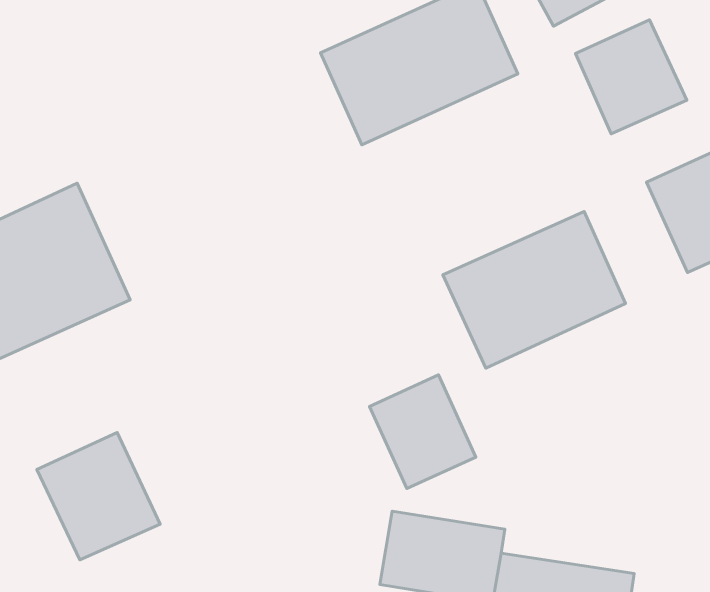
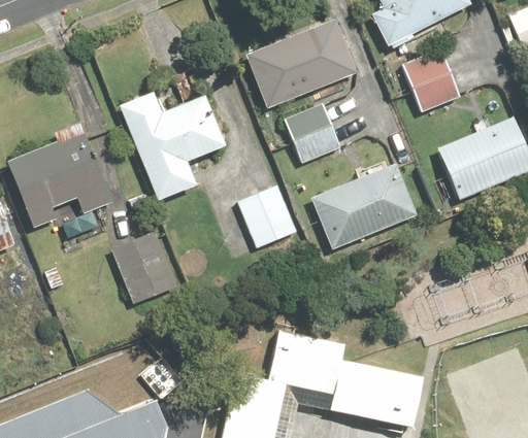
building: none -> [120,87,232,201]
building: none -> [283,98,343,161]
building: [370,375,476,489] -> [237,182,300,250]
building: [37,432,160,560] -> [107,230,180,306]

